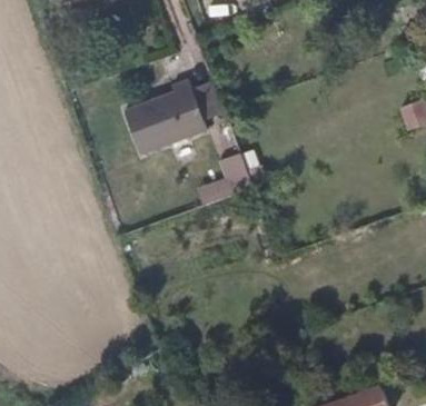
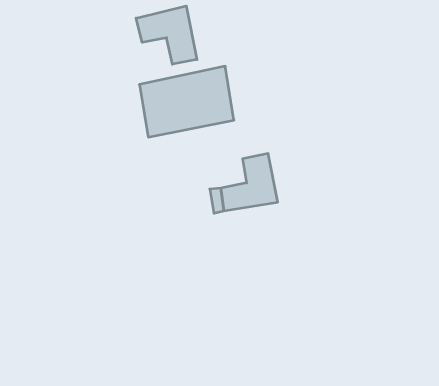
building: none -> [136,6,197,64]

